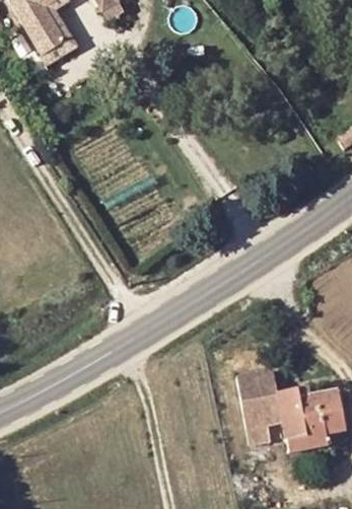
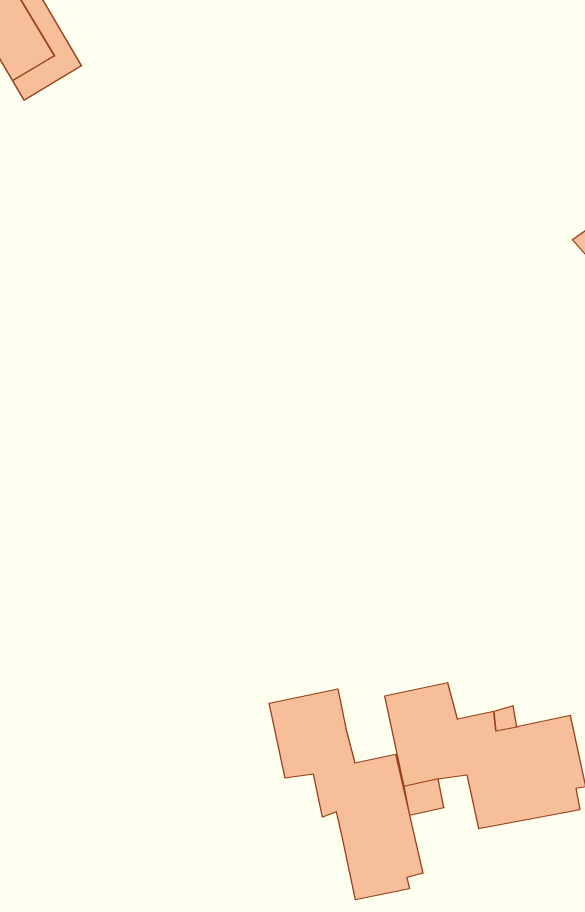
building: none -> [269,689,423,900]

